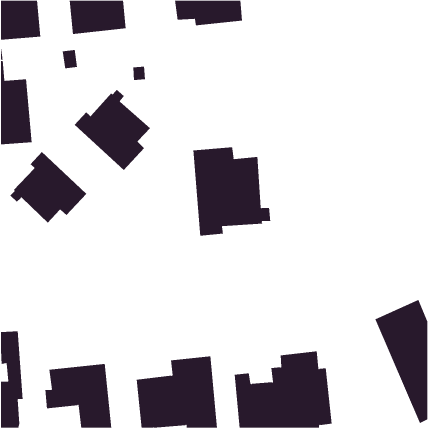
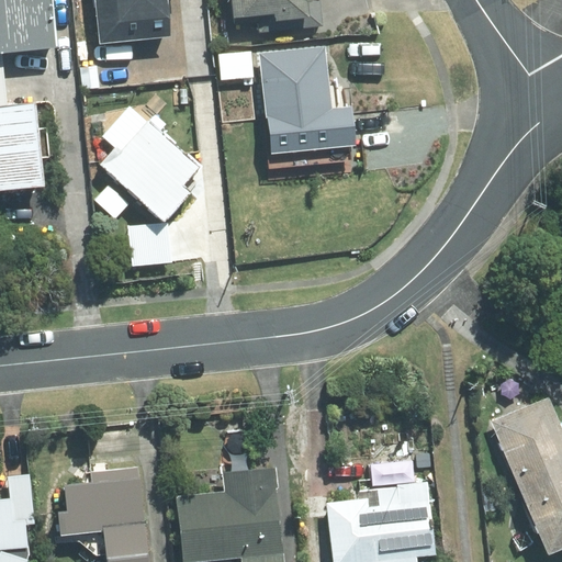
building: none -> [261,45,358,154]
building: [193,146,271,236] -> none
building: [9,151,87,224] -> none

